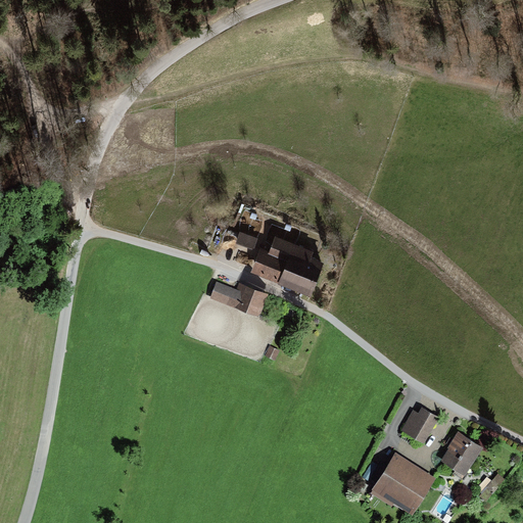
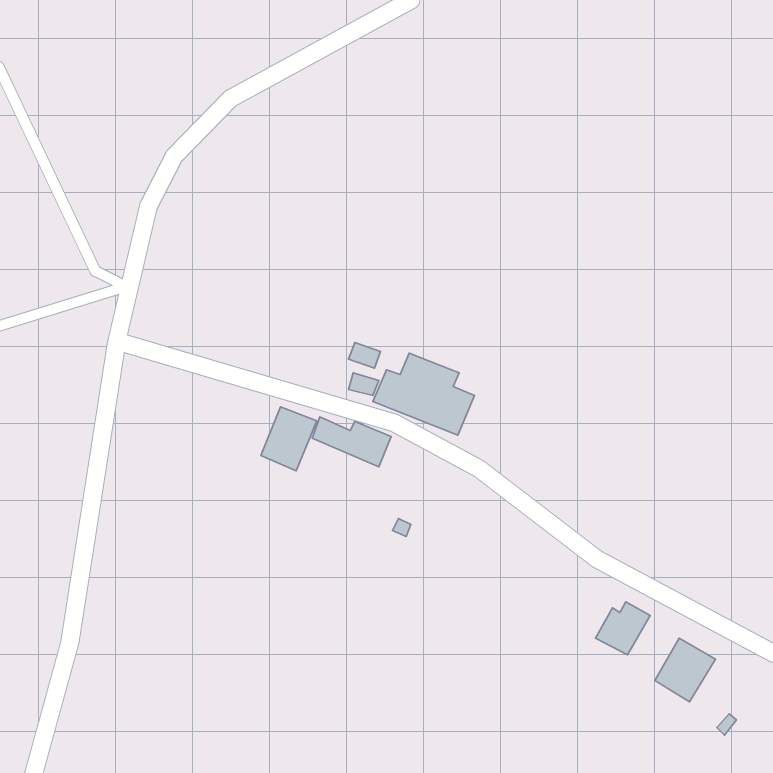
building: none -> [261,407,317,471]
building: [372,453,434,513] -> none

